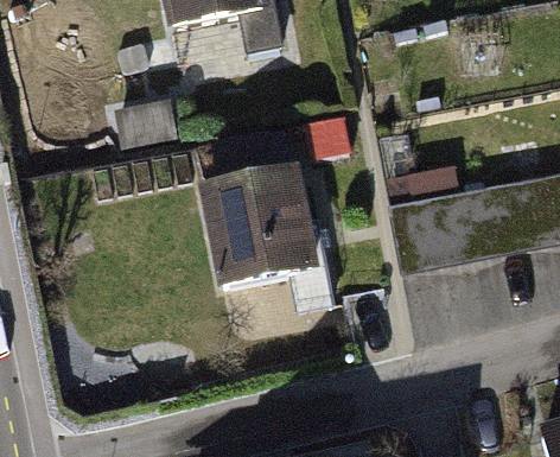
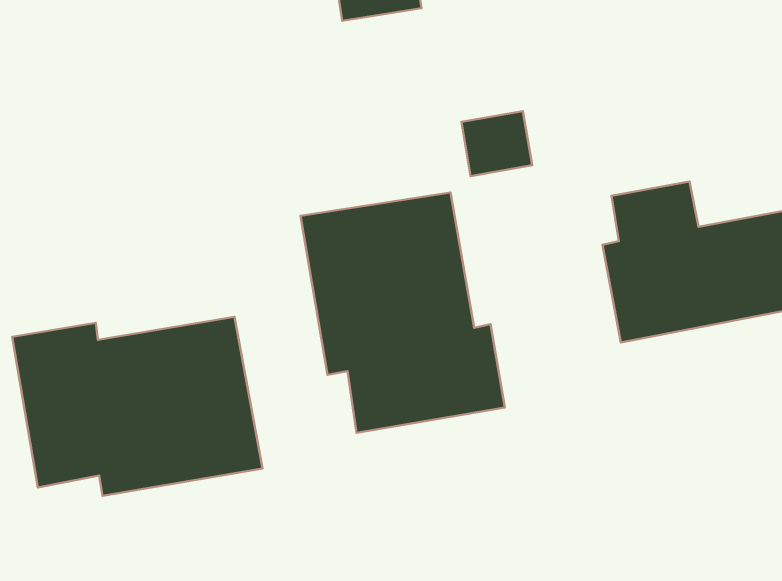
building: none -> [12,317,262,496]

